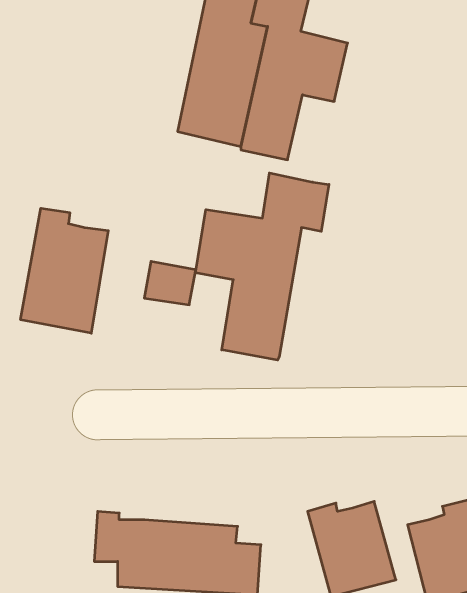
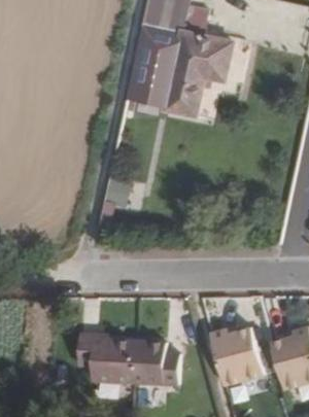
building: [195,173,329,360] -> none
building: [21,208,108,333] -> none

